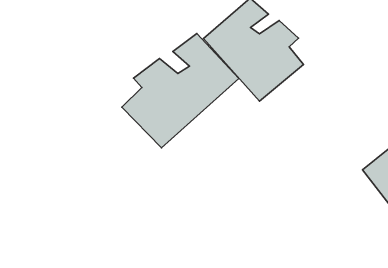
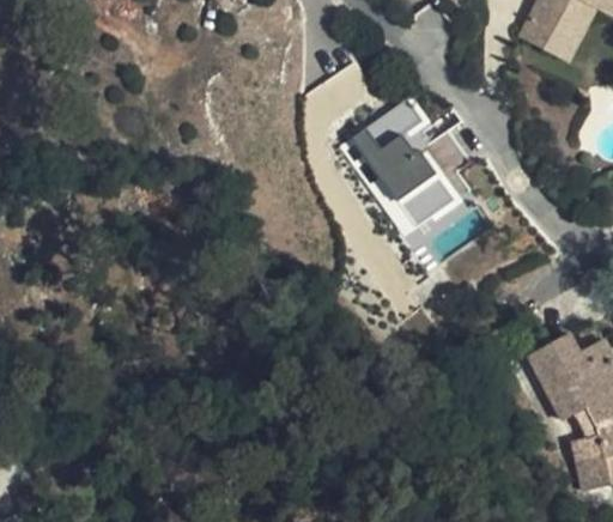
building: [122,33,239,148] -> none

